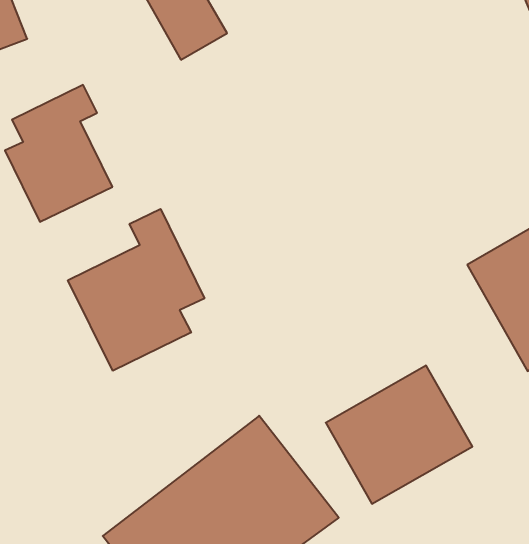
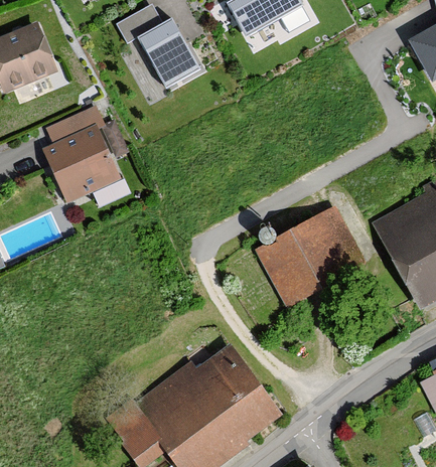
building: [68,209,204,371] -> none
building: [326,366,472,504] -> [254,206,359,306]

